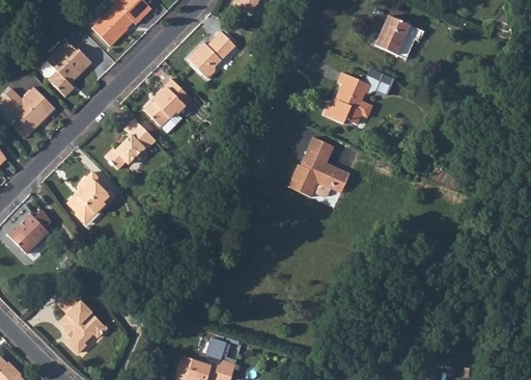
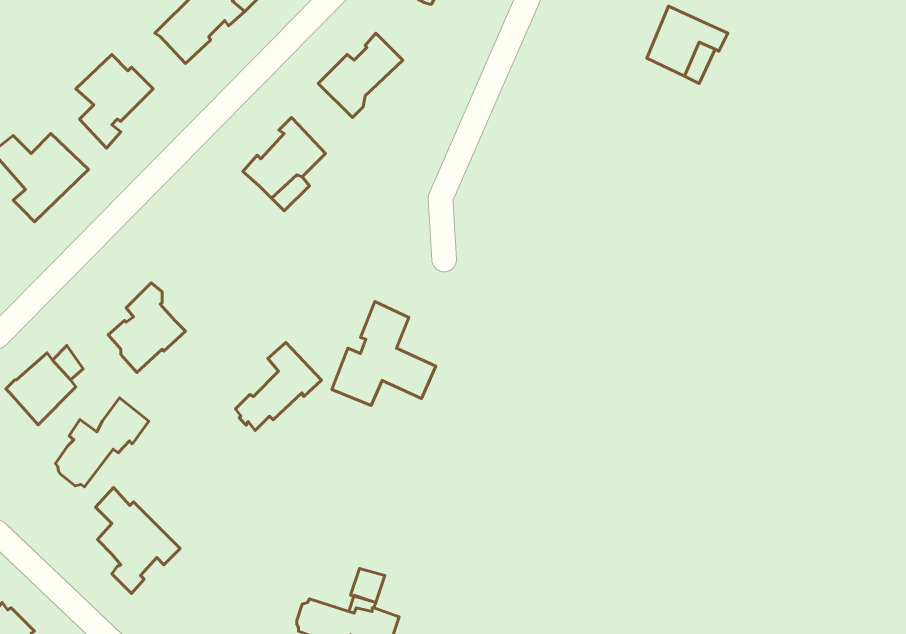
building: [325,73,371,124] -> none
building: [105,118,155,169] -> [235,342,322,431]
building: [289,136,350,196] -> [332,301,436,406]
building: none -> [55,398,149,487]

